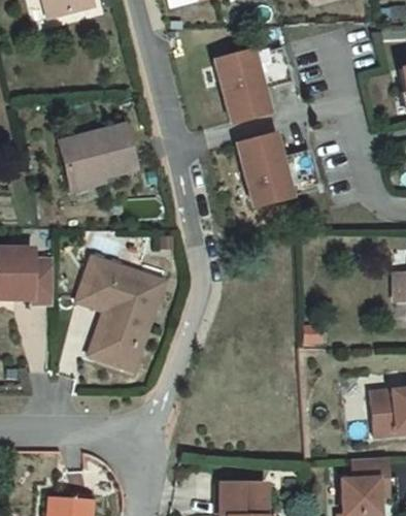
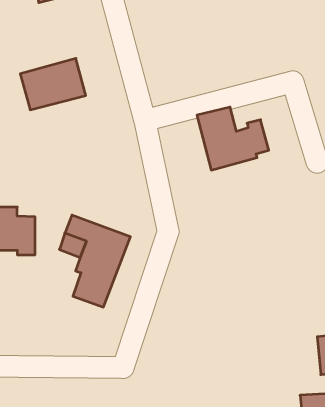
building: [214,45,291,121] -> none
building: [59,125,134,184] -> [20,58,86,110]

